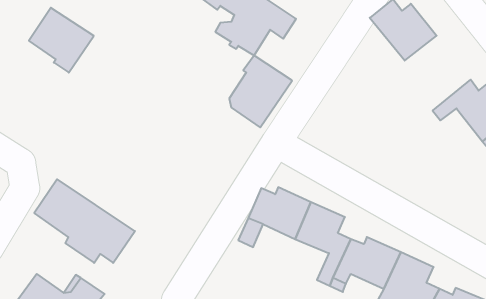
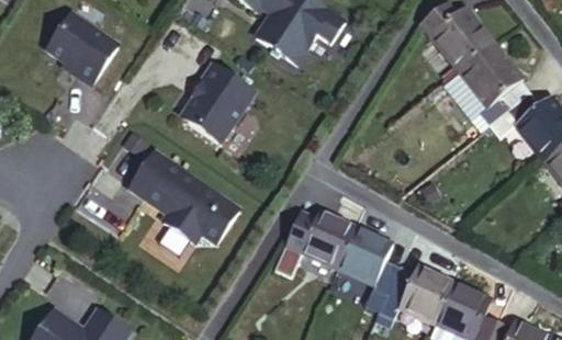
building: none -> [443,44,533,126]
building: [229,56,292,127] -> [187,65,256,144]
building: [34,179,135,263] -> [130,150,240,242]

